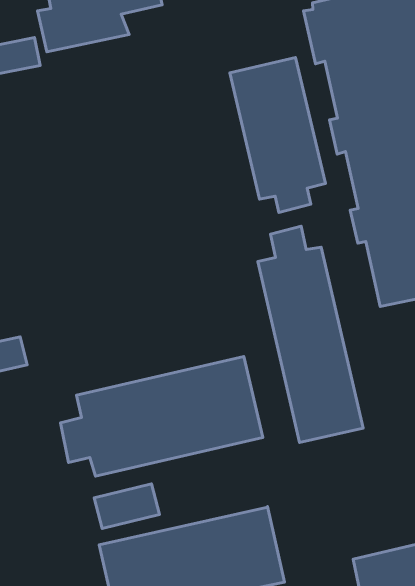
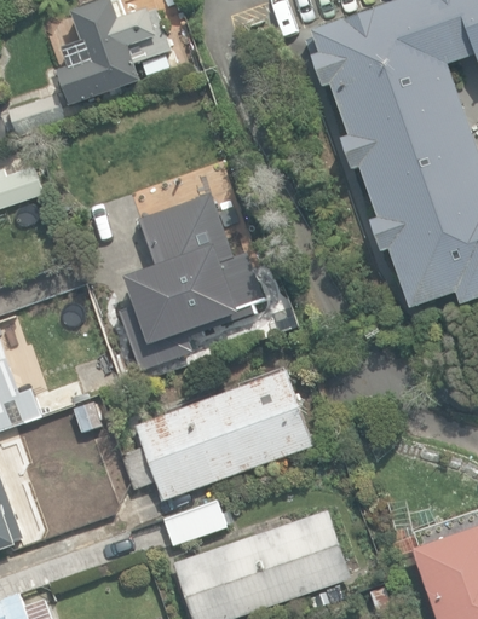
building: [230,57,326,212] -> none
building: none -> [119,195,266,372]
building: [258,226,363,443] -> none

